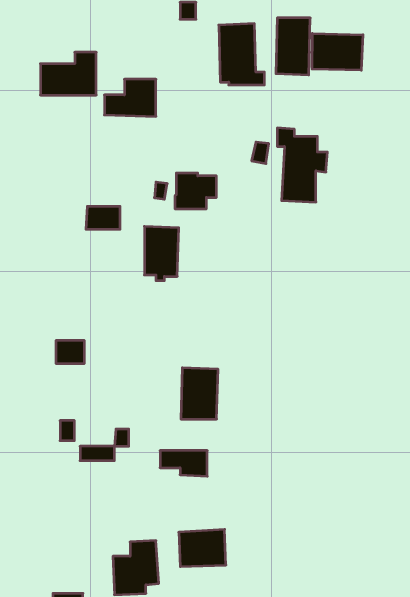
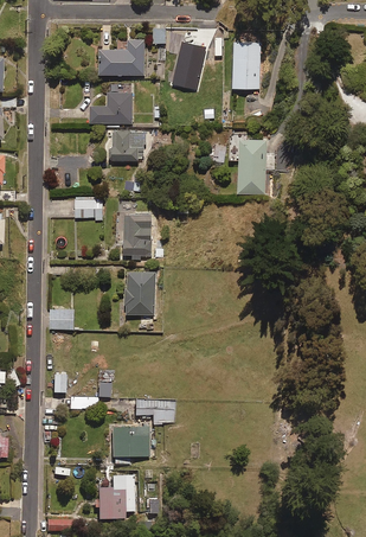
building: [312,33,363,70] -> none
building: [40,52,96,95] -> [98,39,145,75]
building: [175,173,216,209] -> [111,130,146,160]
building: [181,368,218,419] -> [124,271,155,314]
building: [179,529,226,567] -> [111,427,150,458]

